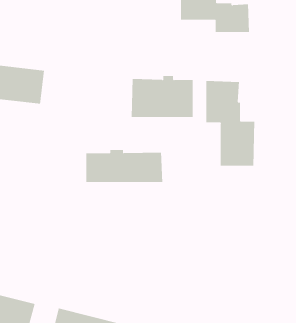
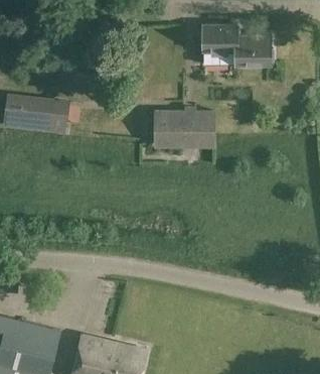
building: [206,80,255,166] -> none
building: [86,149,163,183] -> none

